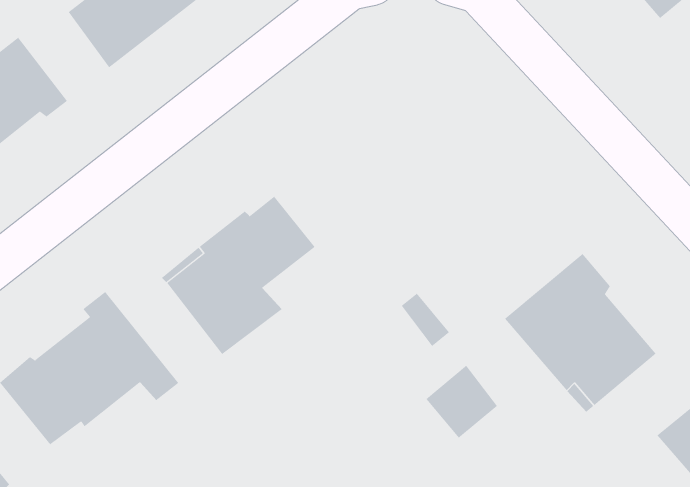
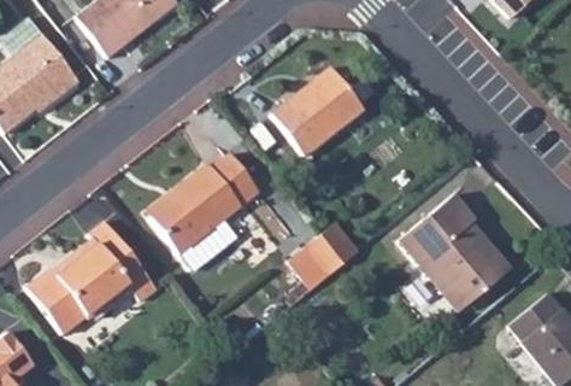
building: none -> [273,66,364,154]
building: [426,365,498,439] -> [292,232,345,286]

